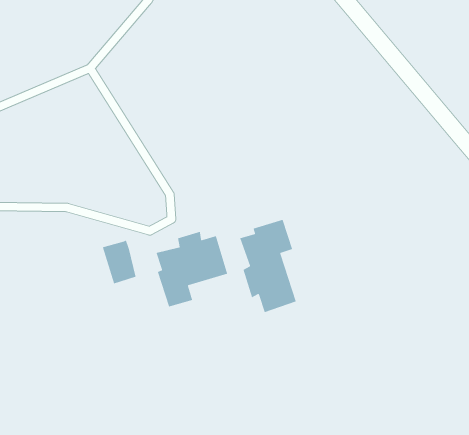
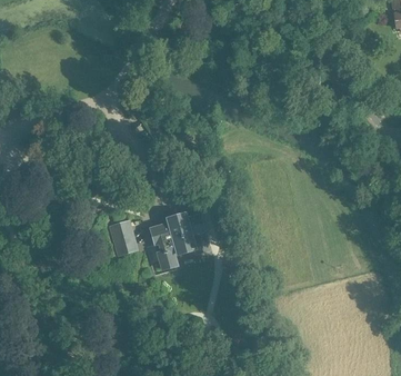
building: [239,219,297,313] -> none

